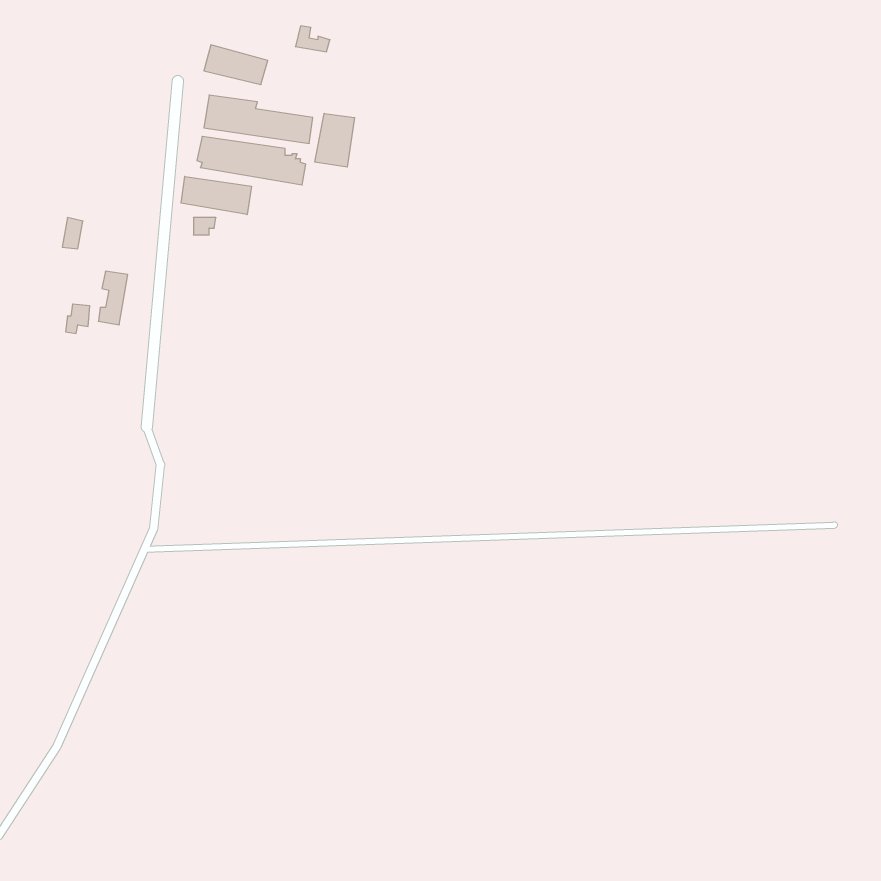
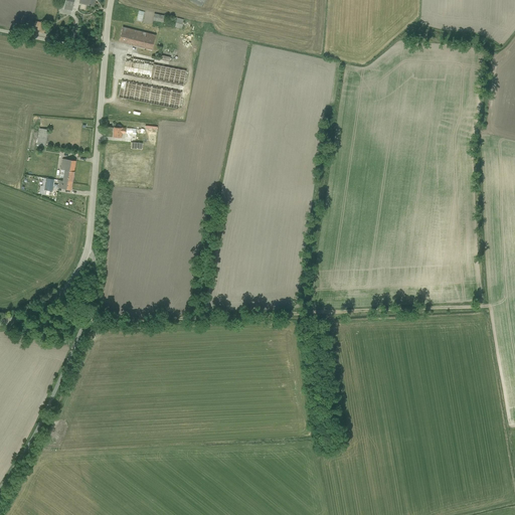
building: [315,113,355,167] -> none
building: [181,176,251,215] -> none

